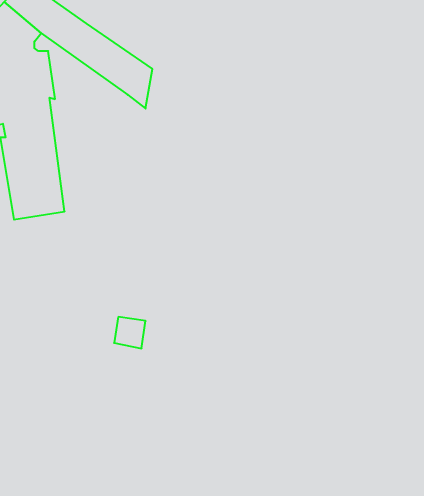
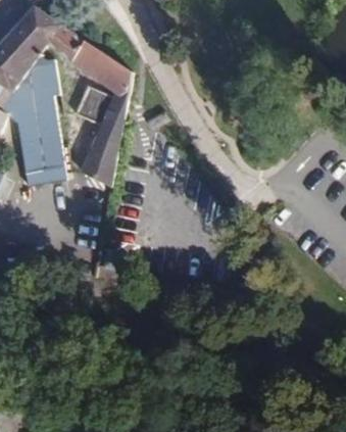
building: none -> [75,85,126,188]

